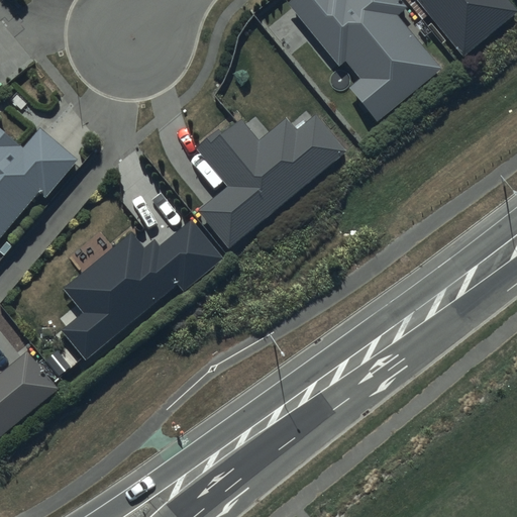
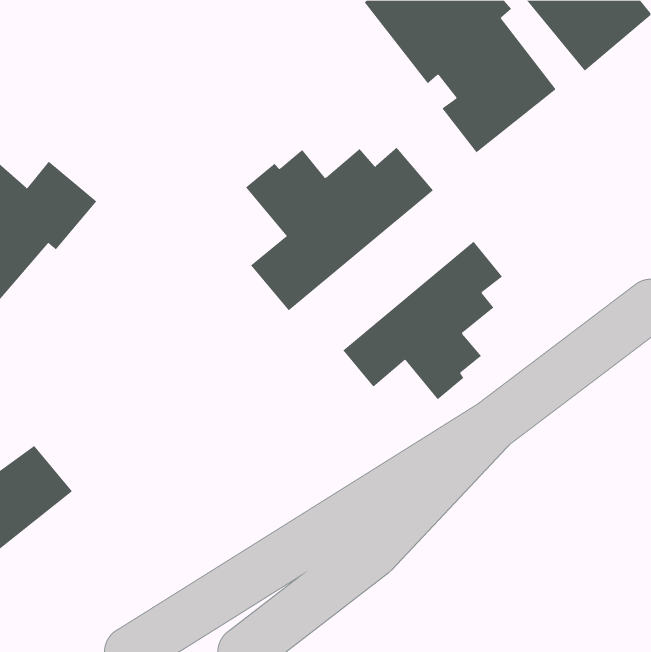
building: none -> [342,241,503,400]
building: [60,220,223,360] -> none

